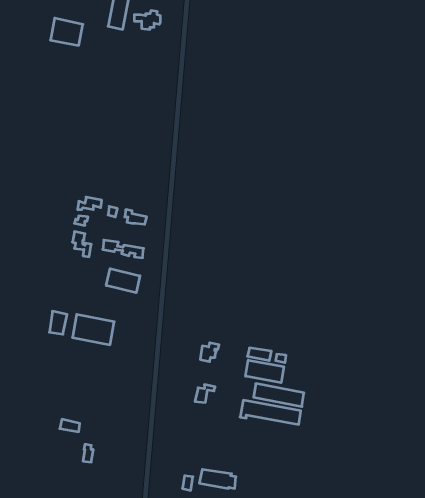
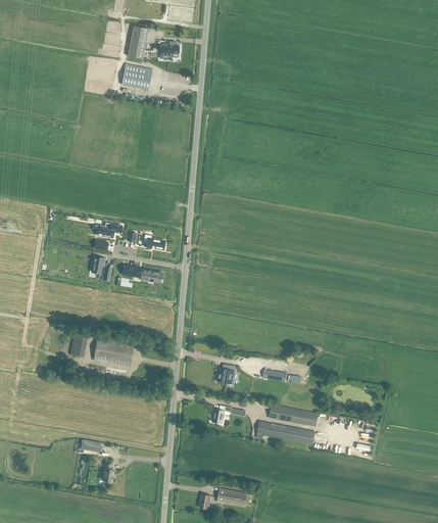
building: [50,18,83,45] -> [120,62,152,89]
building: [106,269,140,293] -> none
building: [246,360,284,383] -> none

